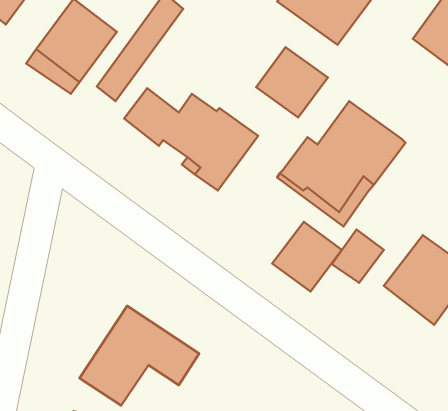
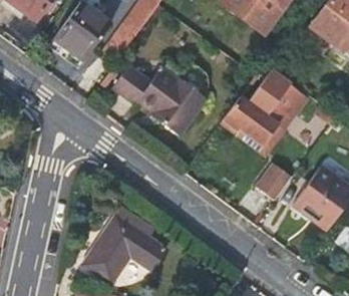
building: [256,47,328,117] -> none
building: [272,222,342,292] -> none

